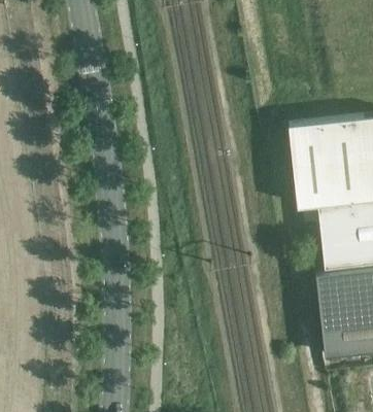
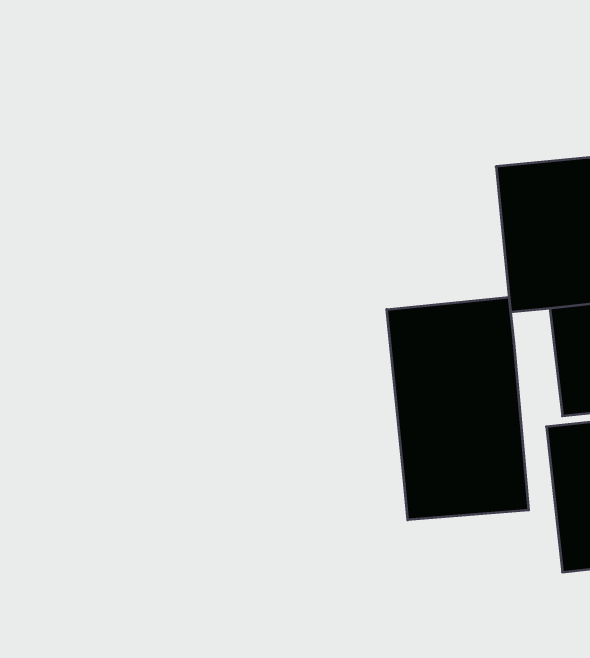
building: none -> [387,297,529,520]

